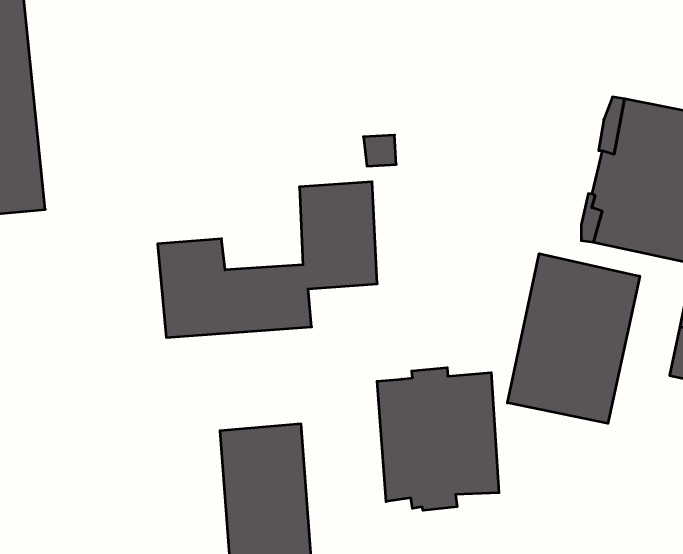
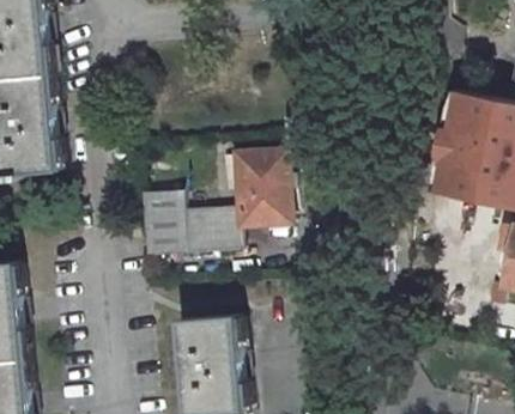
building: [507,254,640,423] -> none
building: [377,368,499,510] -> none

